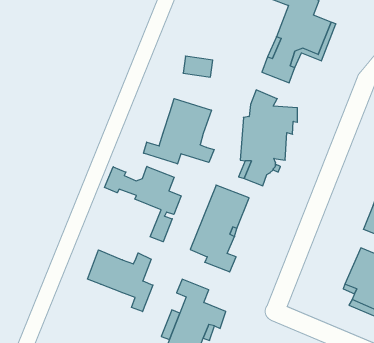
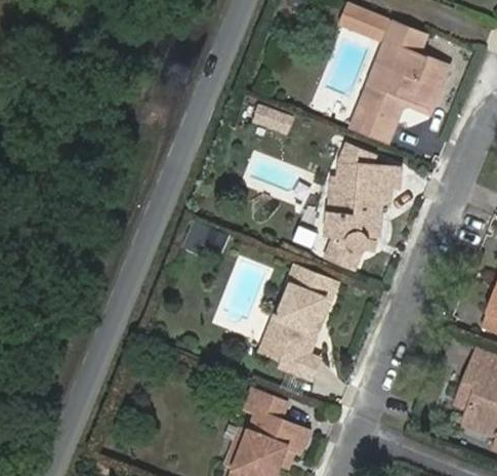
building: [144,99,214,164] -> none
building: [105,166,181,242] -> none
building: [88,250,153,312] -> none

